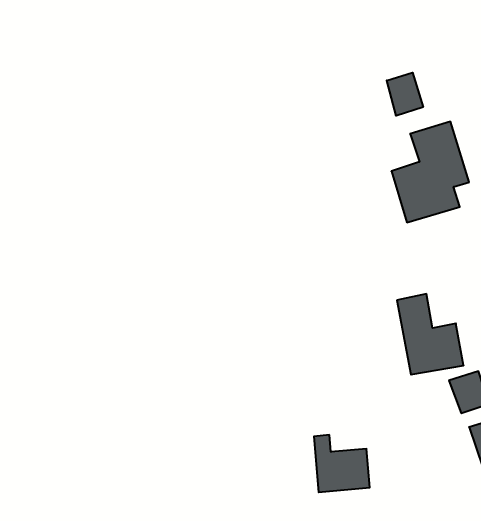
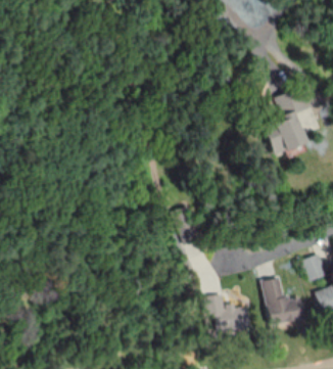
building: [387,73,423,116] -> none
building: [397,294,464,375] -> [261,276,305,329]

